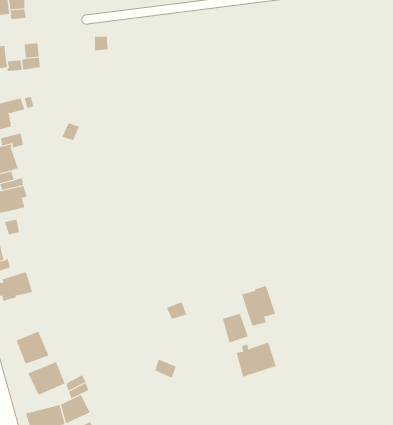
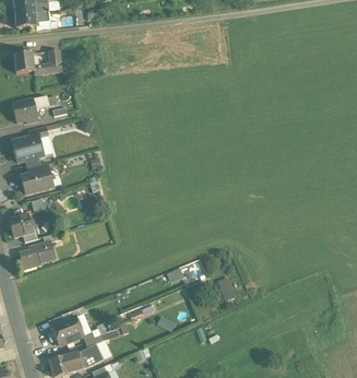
building: [241,285,276,326] -> none
building: [16,331,49,364] -> none
building: [236,342,277,378] -> none

